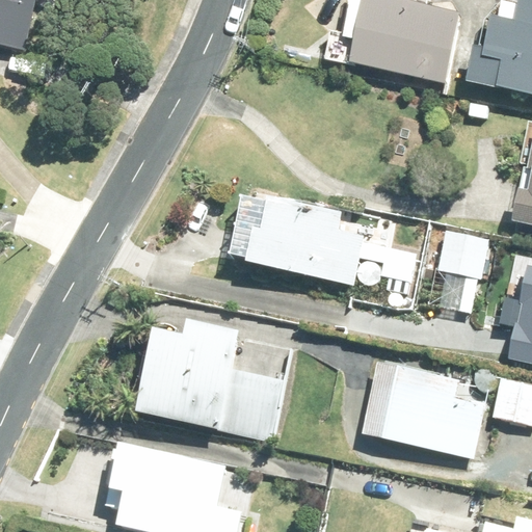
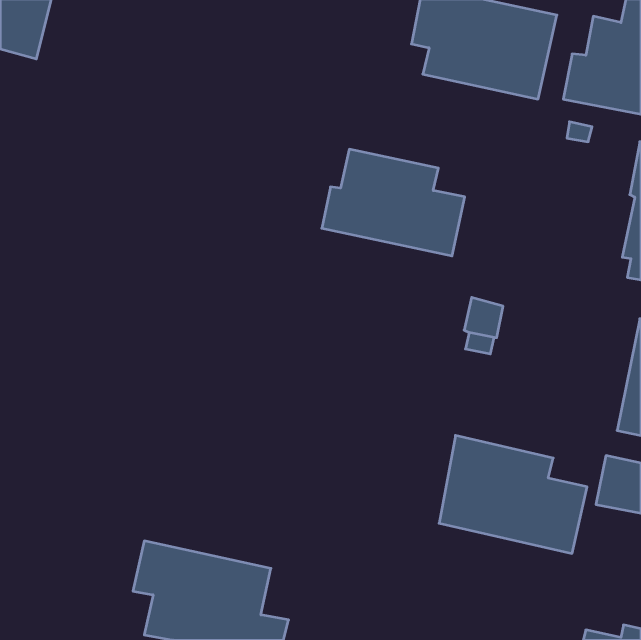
building: [245,196,364,285] -> [322,149,465,256]
building: [438,231,488,278] -> none
building: [135,318,286,441] -> none

